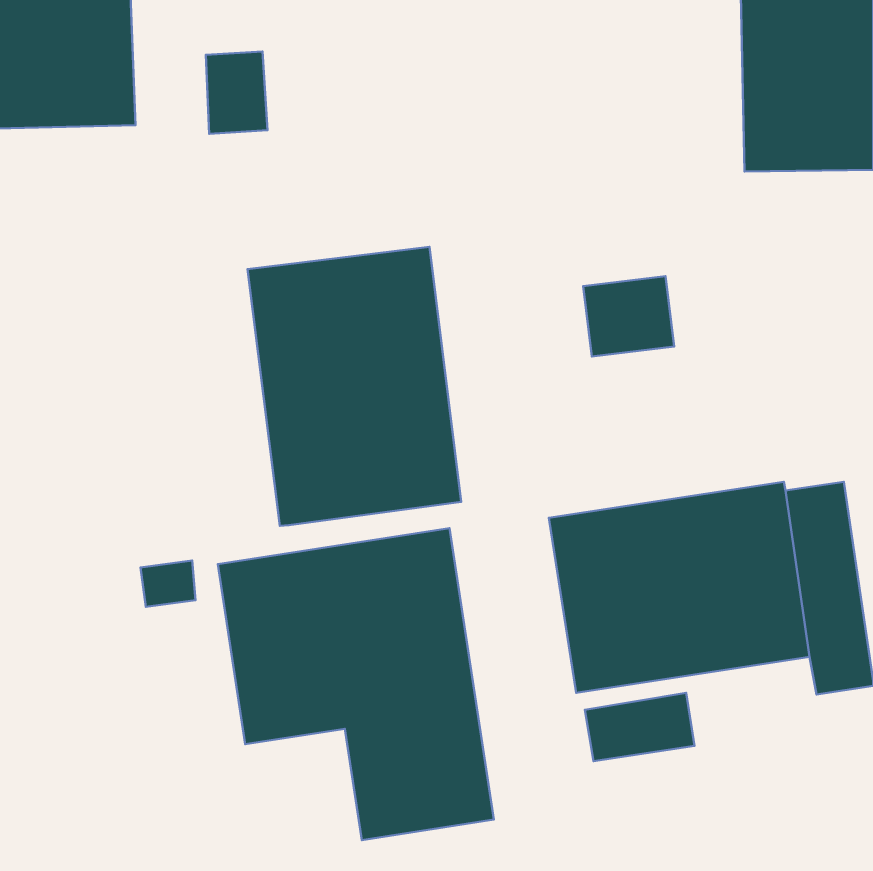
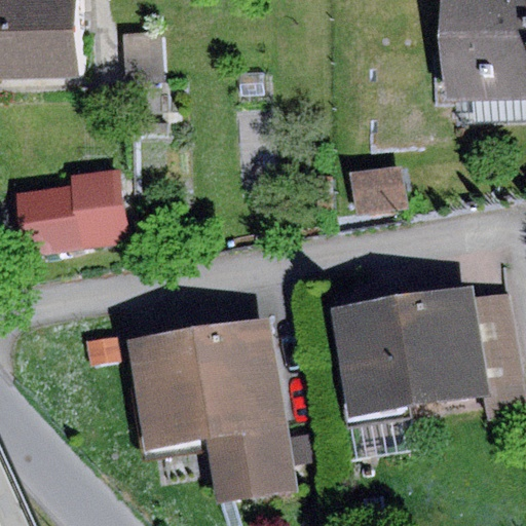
building: [247,247,461,526] -> none
building: none -> [14,166,129,254]

